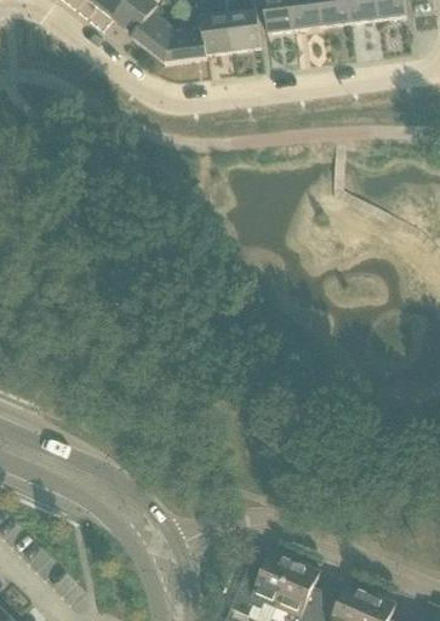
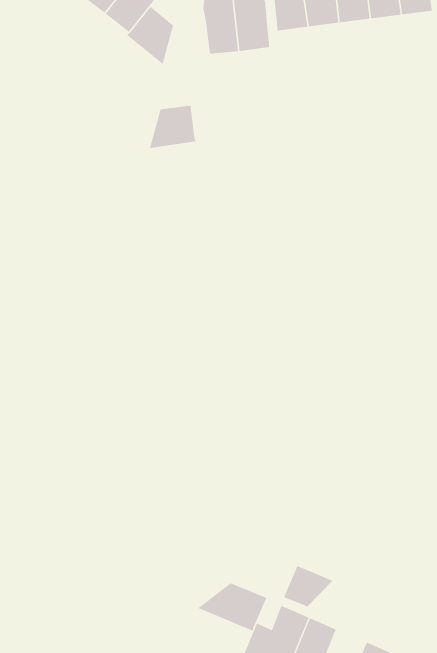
building: [165,25,207,64] -> [149,105,196,148]
building: none -> [280,565,333,607]
building: none -> [197,582,270,631]

